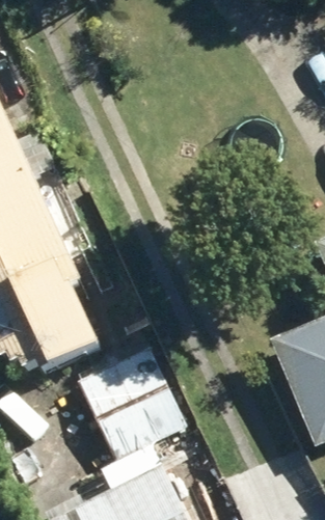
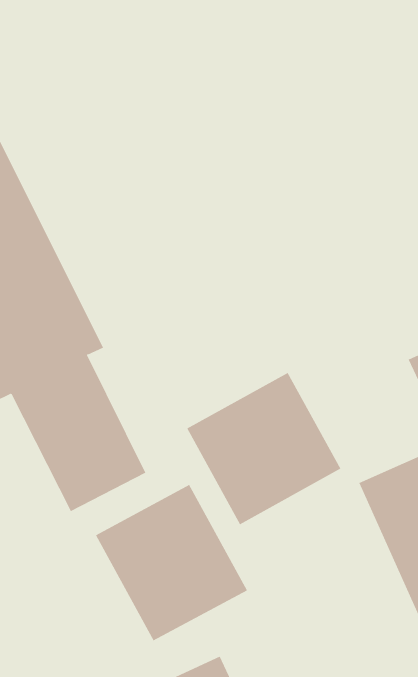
building: none -> [187,372,341,525]

